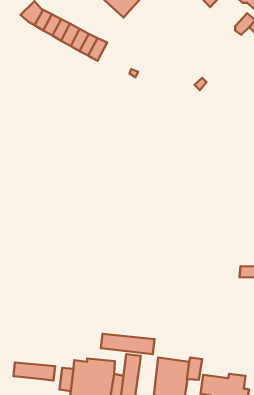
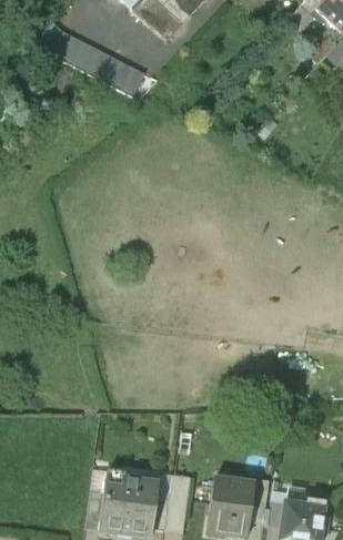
building: [101,334,155,354] -> none
building: [13,363,55,381] -> none

